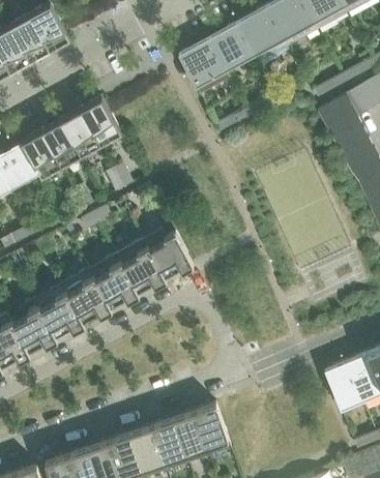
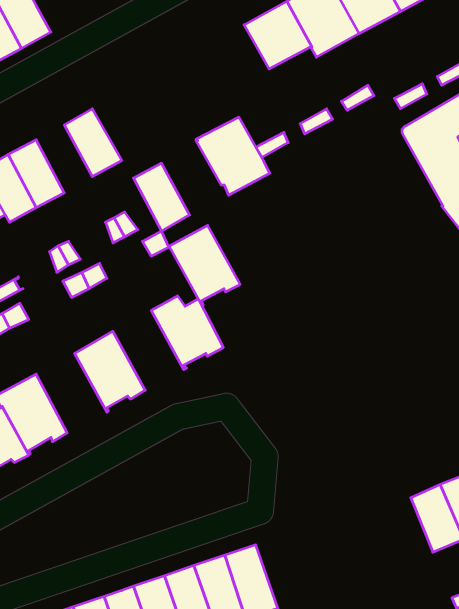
building: [178,37,230,92] -> [196,117,270,195]
building: [62,108,101,155] -> [133,163,190,231]
building: [116,238,166,294] -> [169,225,240,305]
building: [62,268,112,324] -> none

